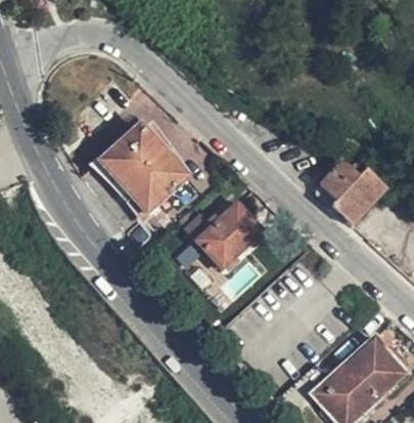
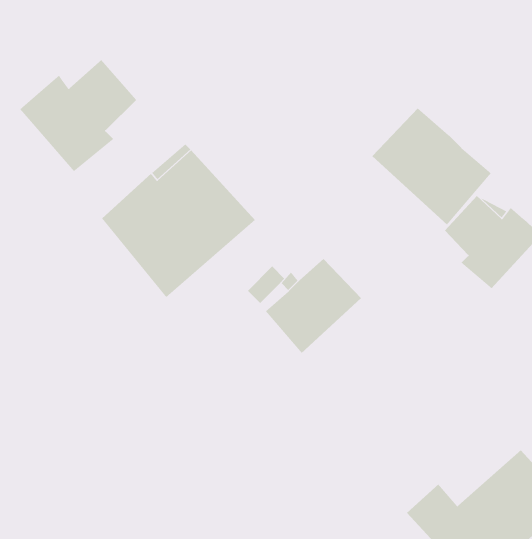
building: none -> [19,59,137,172]
building: none -> [372,108,492,225]

